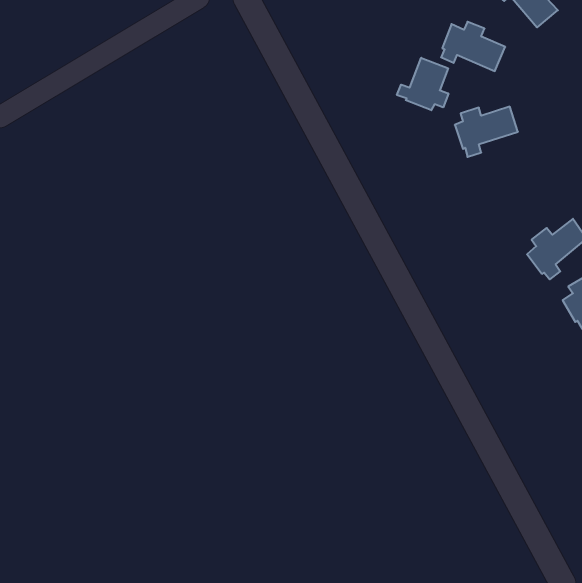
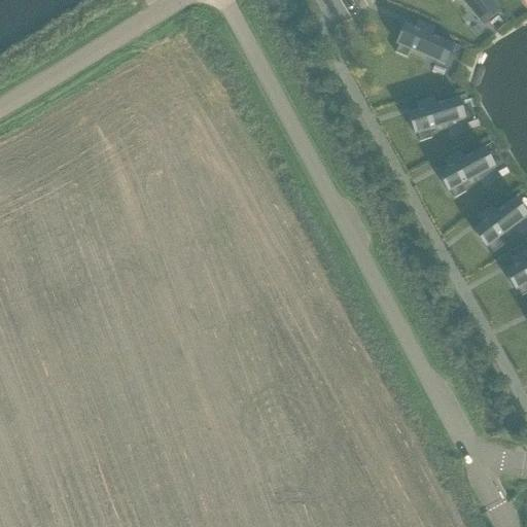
building: [397,58,448,110] -> none
building: none -> [442,146,498,197]

